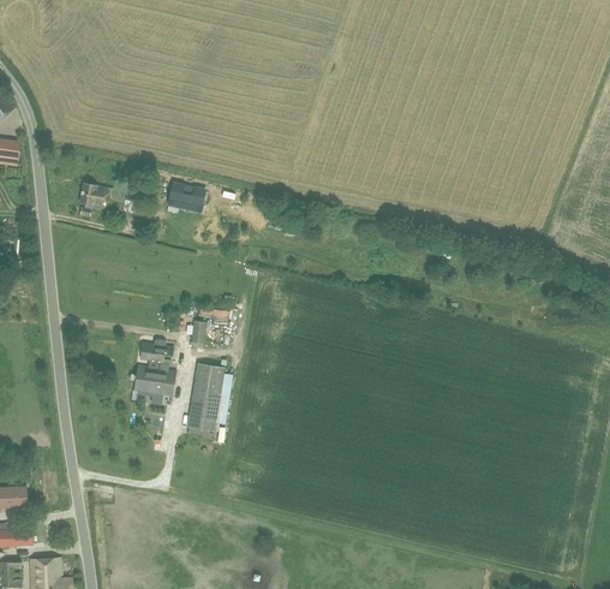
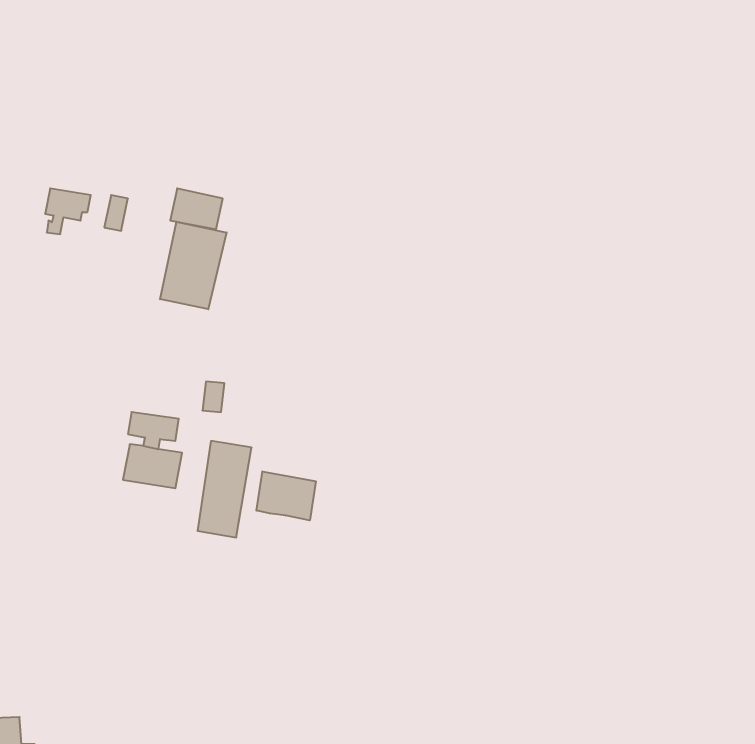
building: none -> [160,222,227,309]
building: none -> [256,471,316,520]

